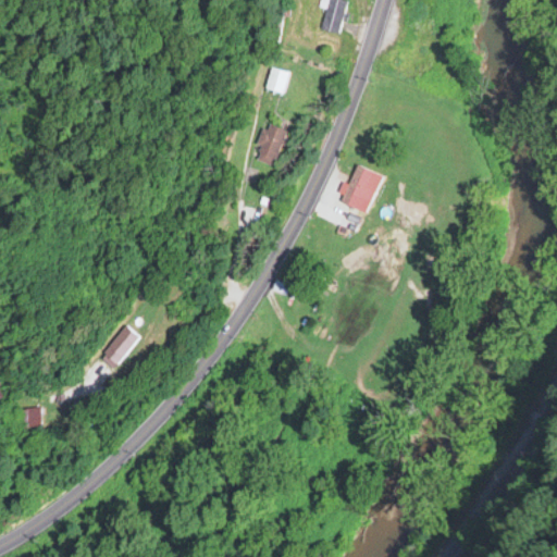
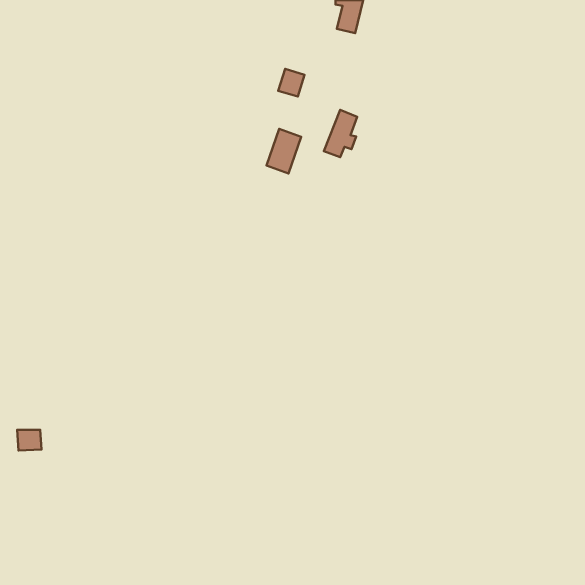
building: [342,164,373,209] -> [324,110,357,157]
building: [101,326,139,366] -> none

